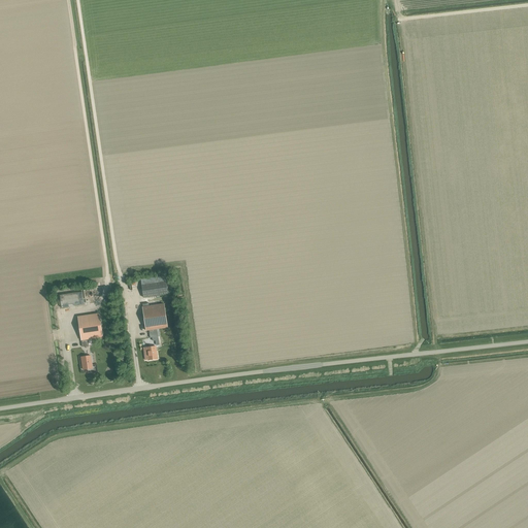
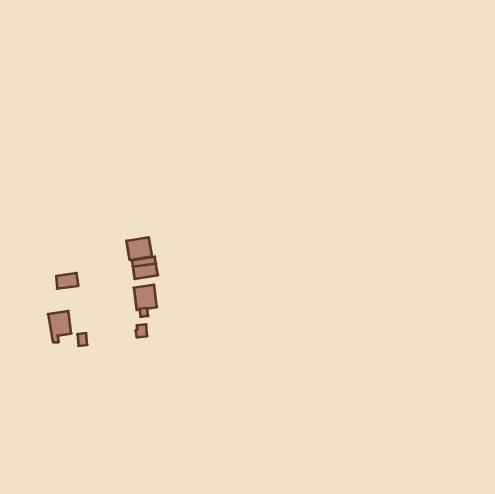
building: none -> [127,237,152,260]
building: [77,312,102,345] -> [48,311,71,342]

